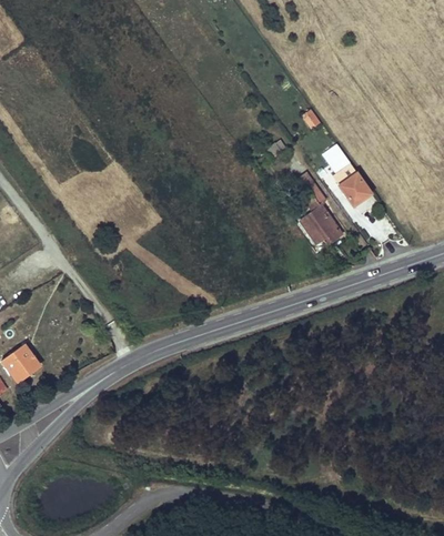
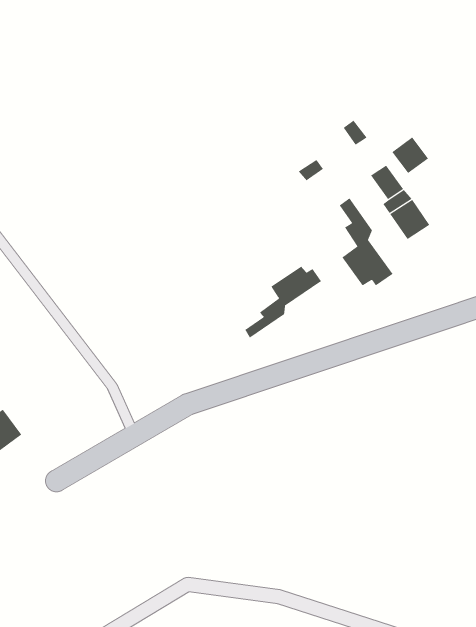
building: none -> [391,137,429,174]
building: none -> [244,266,322,338]

